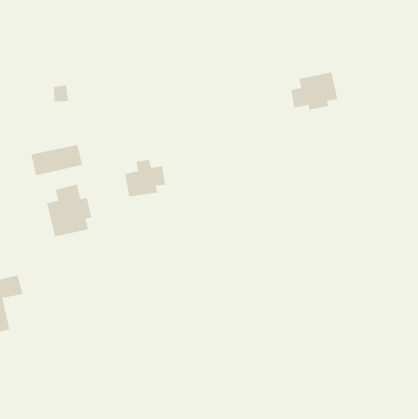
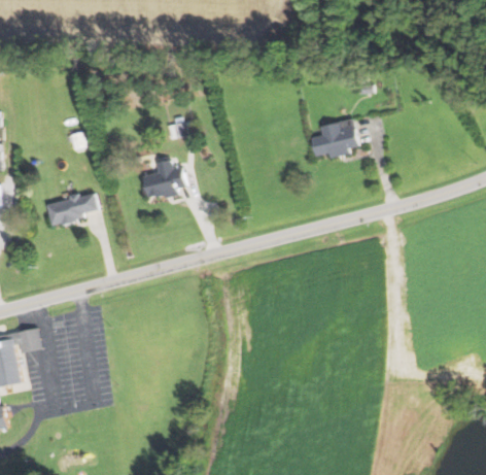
building: [124,160,166,197] -> [145,162,187,200]
building: [47,184,92,237] -> none

